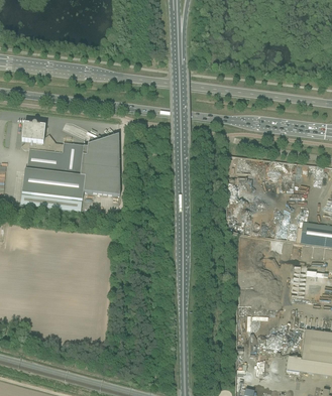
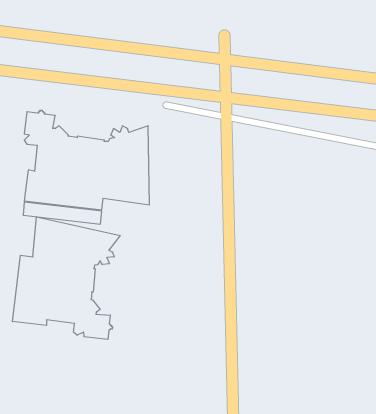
building: none -> [13,217,120,339]

